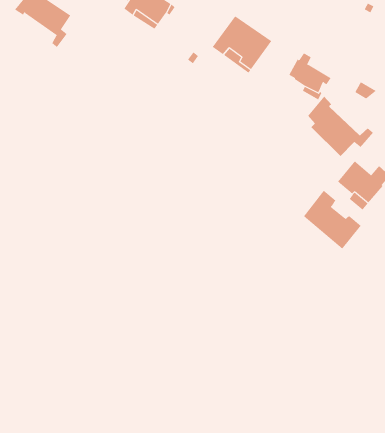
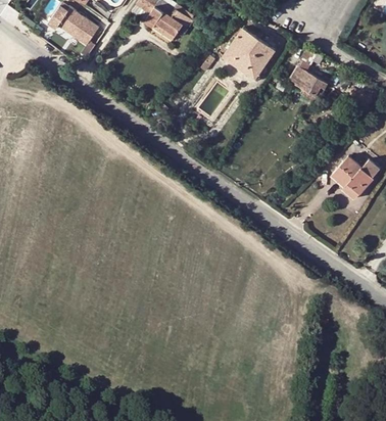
building: [308,96,374,157] -> none
building: [303,190,362,250] -> none

